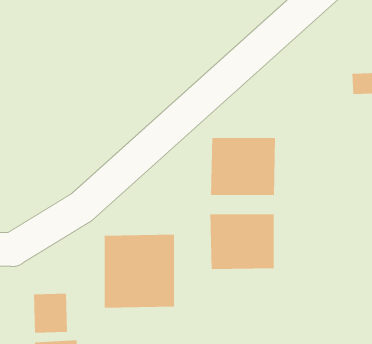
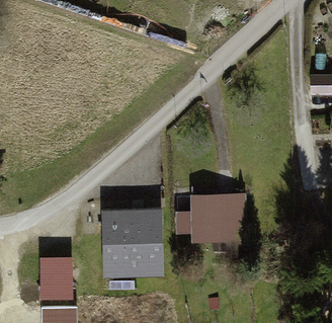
building: [210,137,276,196] -> none

